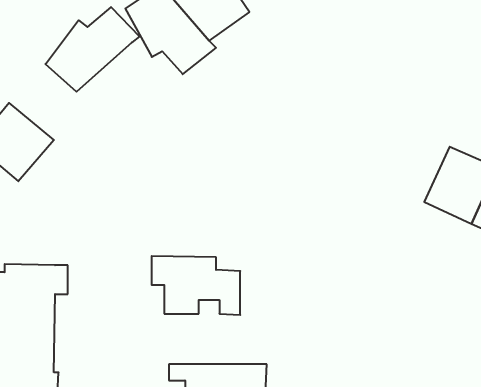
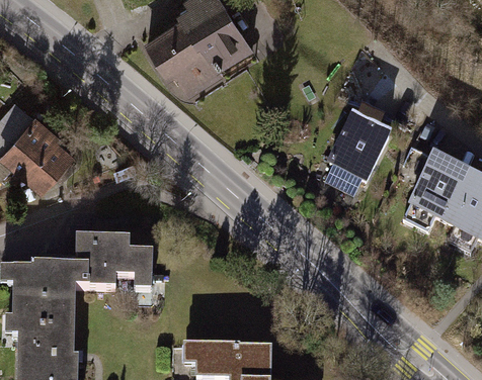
building: [45,7,139,92] -> none
building: none -> [320,114,389,187]
building: [152,256,240,315] -> [77,236,155,288]

